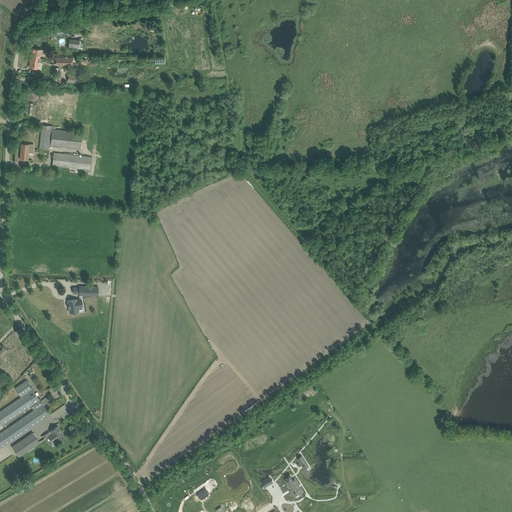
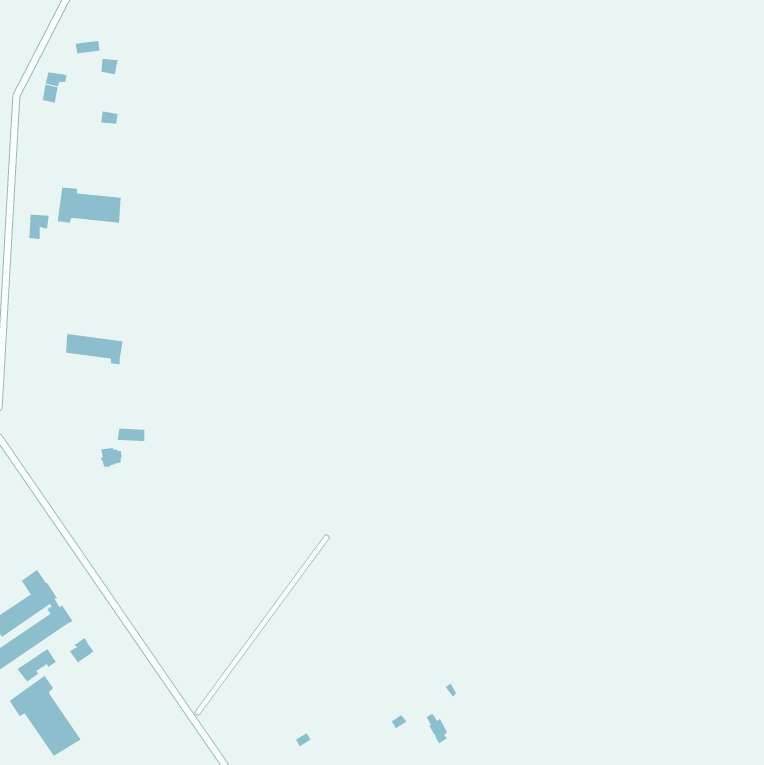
building: [52,152,91,173] -> [65,334,124,365]
building: none -> [9,675,81,757]

